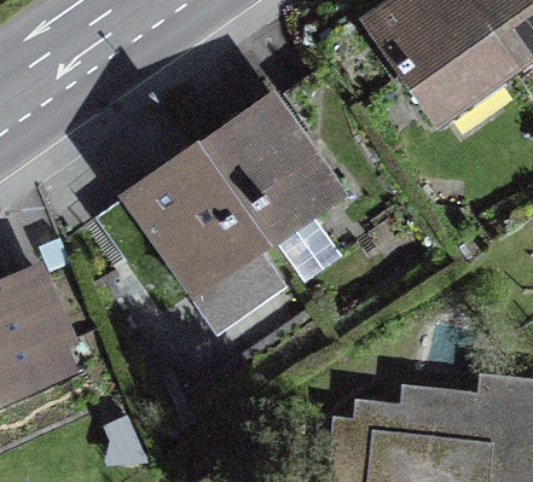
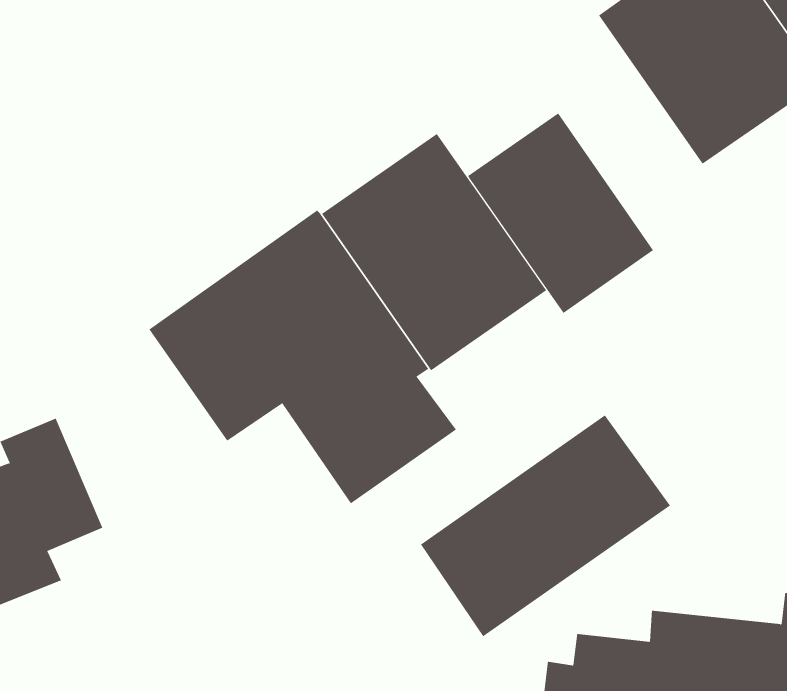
building: none -> [468,112,654,314]
building: none -> [420,414,671,637]

